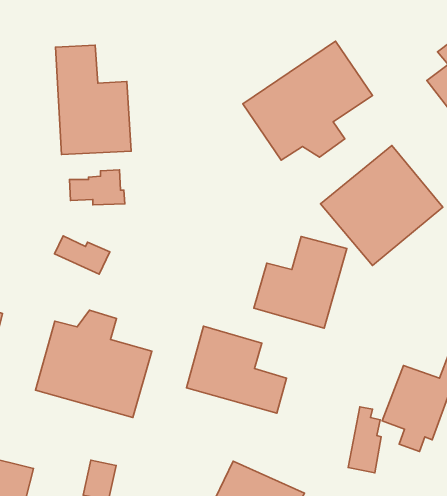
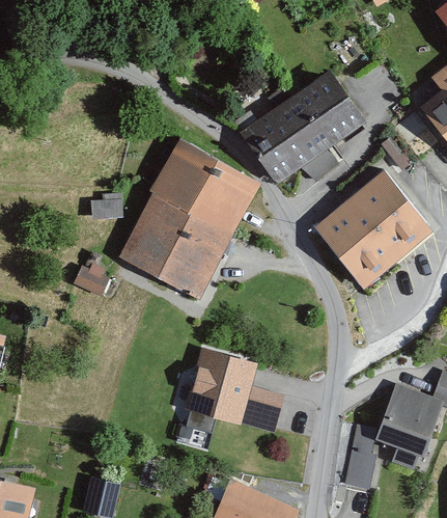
building: [56,45,131,155] -> none
building: none -> [119,140,260,300]
building: [254,236,347,328] -> none
building: [35,310,152,418] -> none

